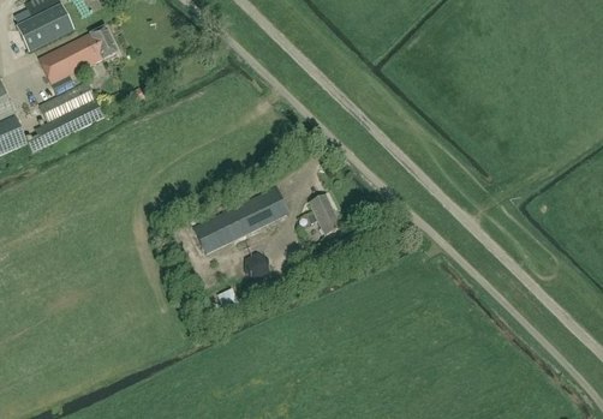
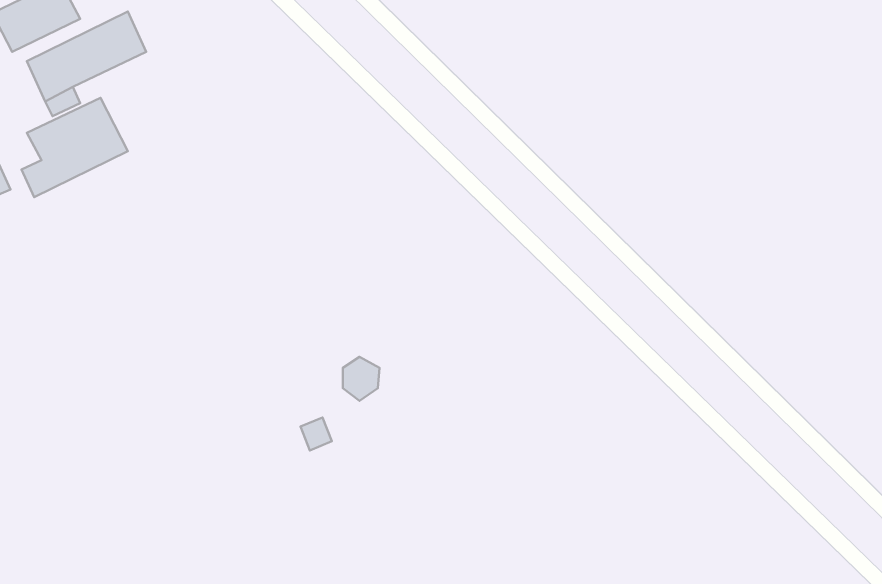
building: [192,186,287,252] -> none
building: [306,194,340,234] -> none

